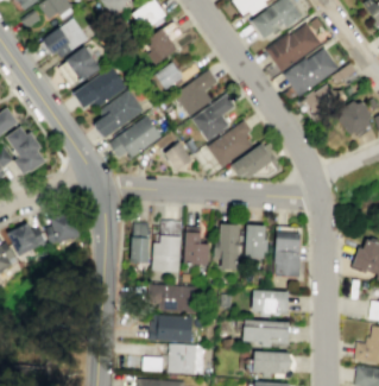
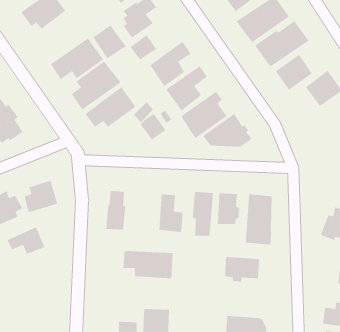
building: [65,46,101,82] -> [92,24,127,59]
building: [152,220,182,272] -> none
building: none -> [7,226,45,255]
building: [149,315,192,342] -> none
building: [244,319,290,347] -> none

